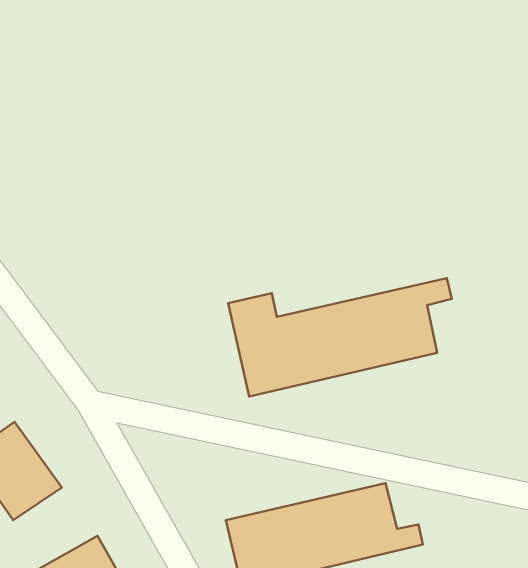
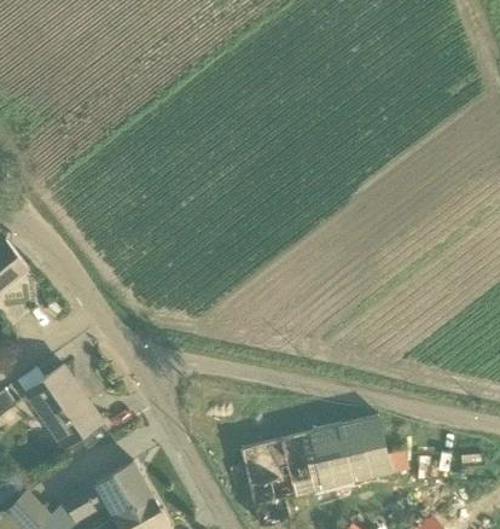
building: [228,278,452,397] -> none

